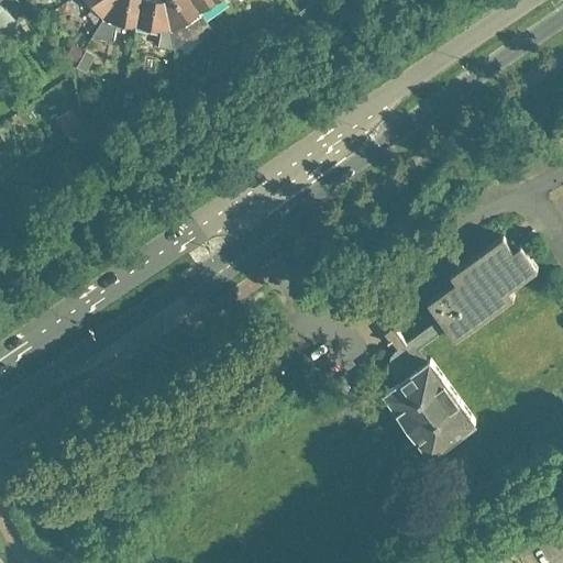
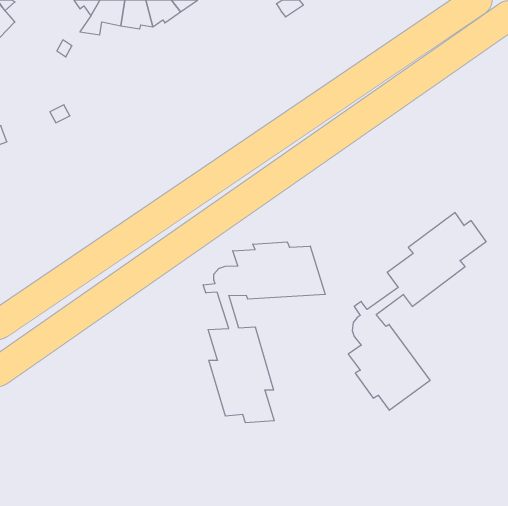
building: none -> [203,242,325,423]

